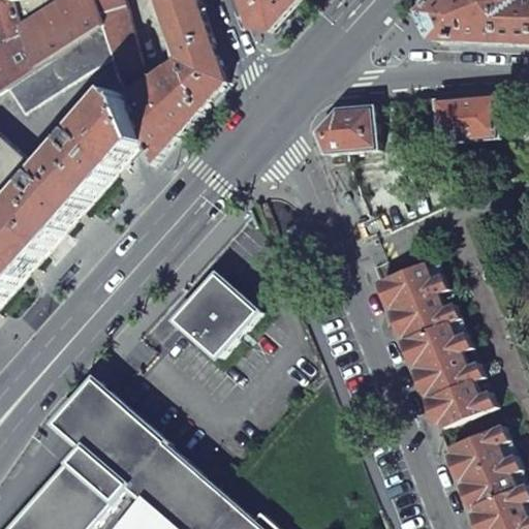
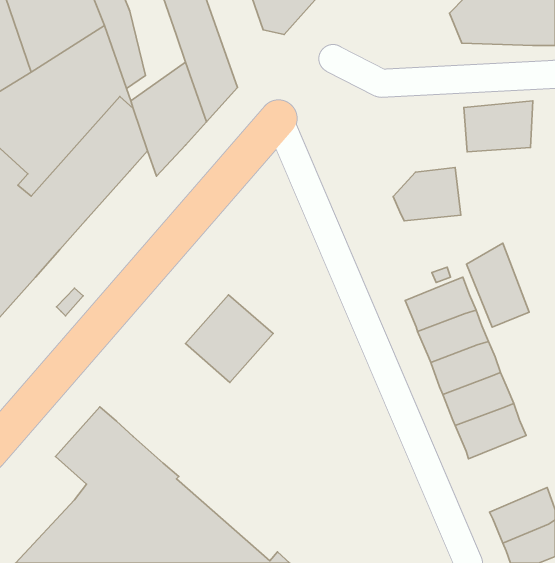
building: [311,105,374,155] -> [393,168,461,221]
building: none -> [467,243,529,327]
building: [443,426,509,477] -> none

